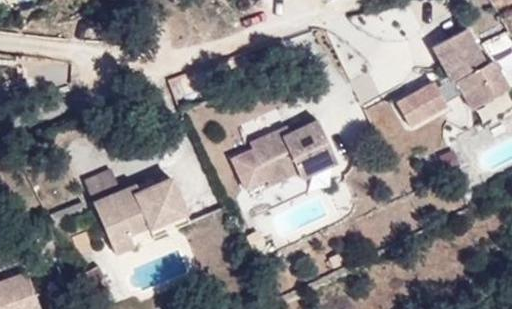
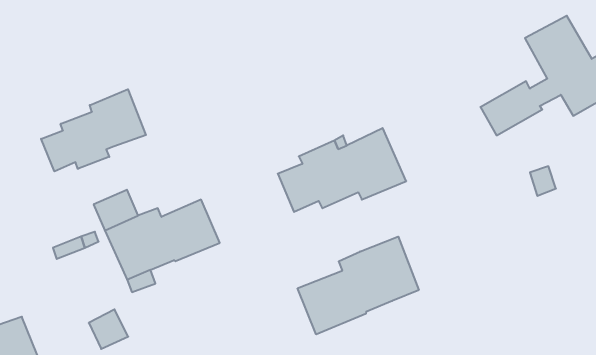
building: none -> [41,89,146,171]
building: none -> [298,237,419,334]

